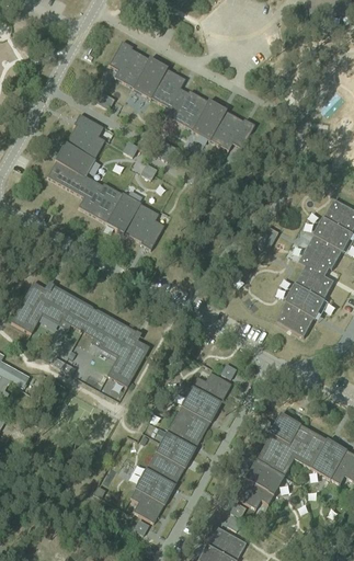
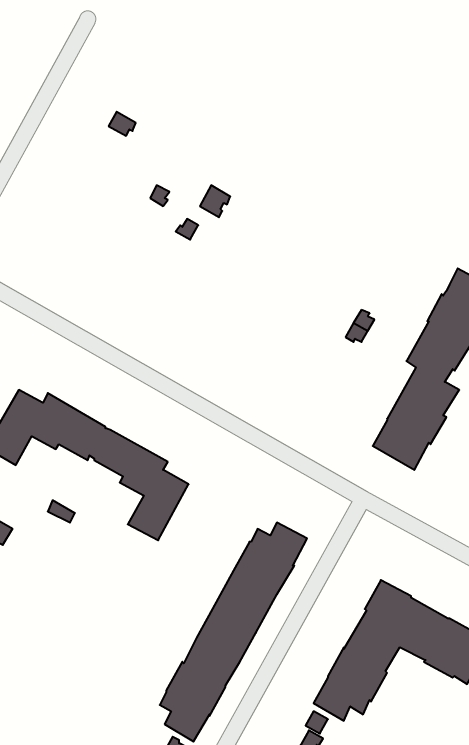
building: [107,41,254,150] -> none
building: [46,113,163,250] -> none

